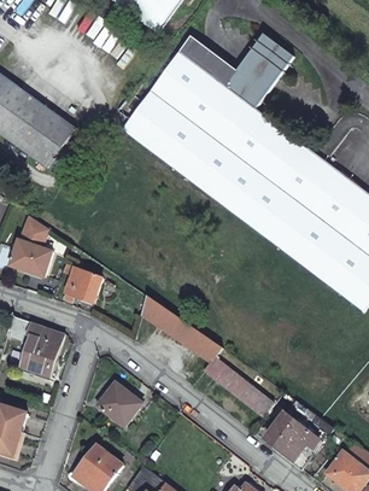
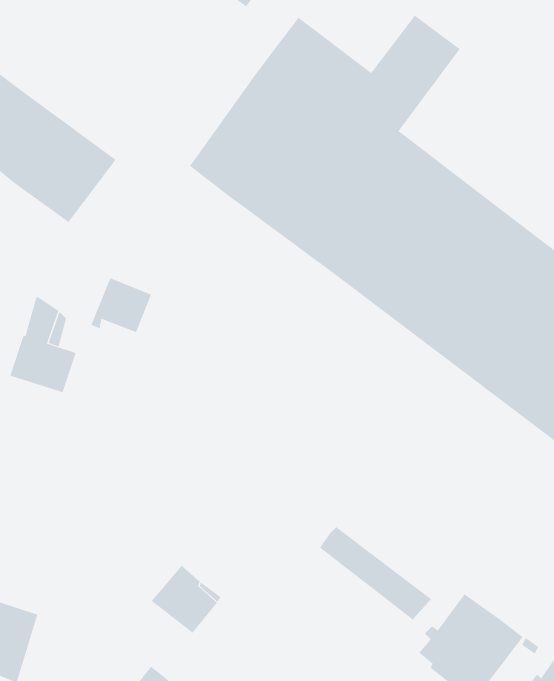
building: [64,268,102,303] -> [91,277,152,333]
building: [141,296,222,362] -> none
building: [7,315,65,375] -> none

